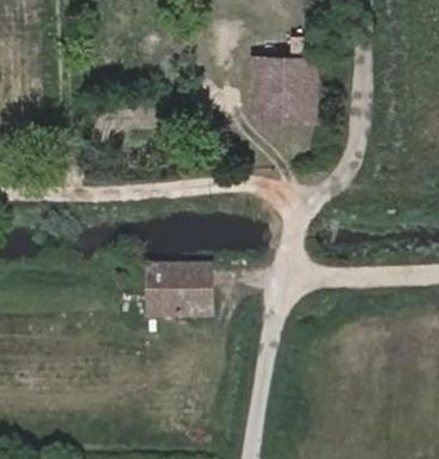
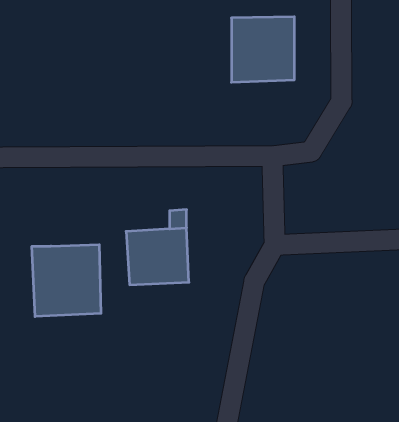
building: none -> [32,245,101,317]

